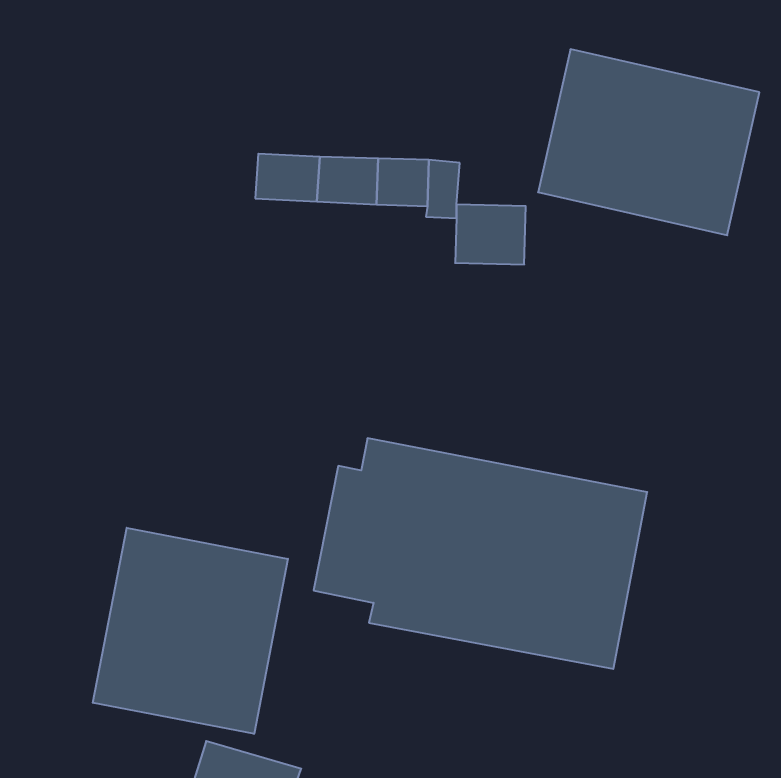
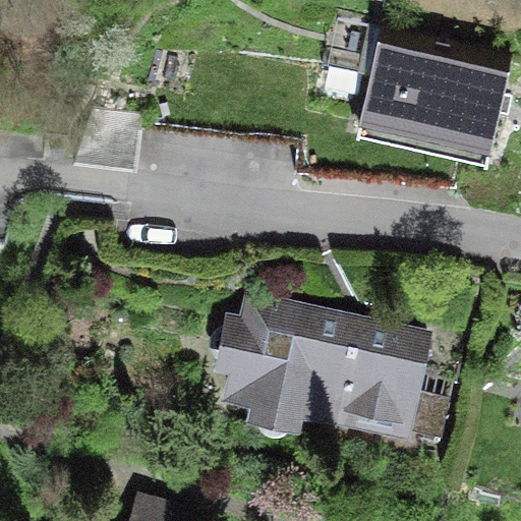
building: [93,528,288,734] -> none

